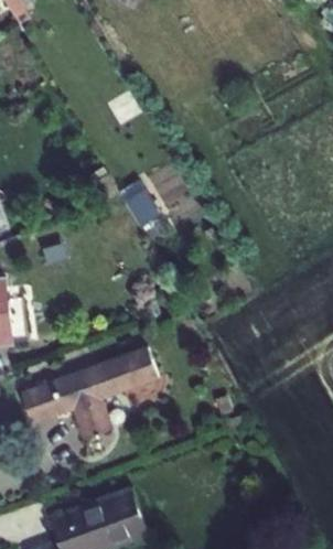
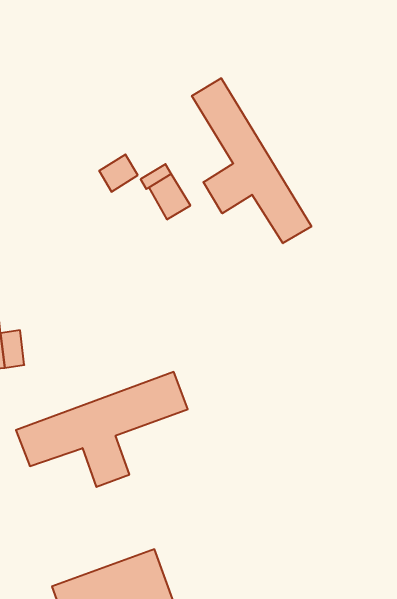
building: none -> [192,78,311,243]

